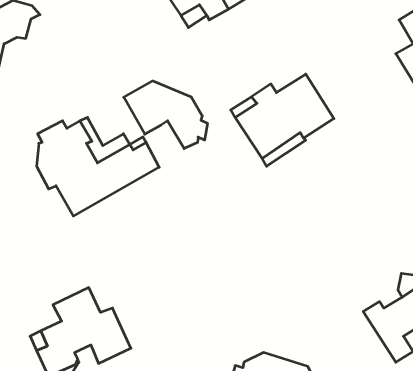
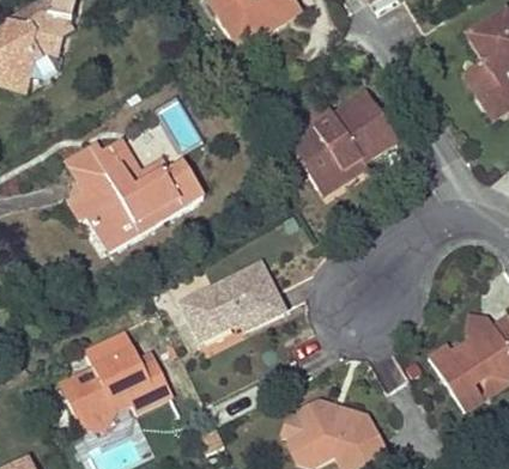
building: [124,81,207,149] -> none
building: none -> [181,262,284,340]

